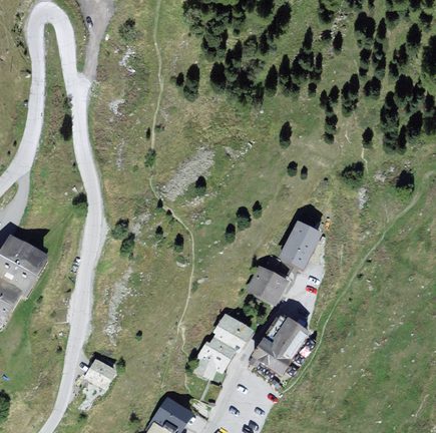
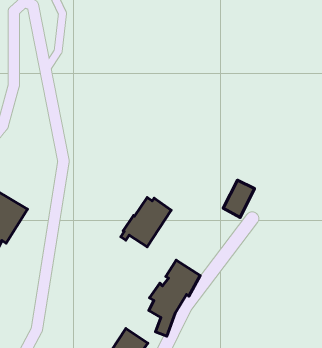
building: [248,266,286,302] -> none
building: [249,315,308,373] -> [121,197,171,247]
building: [85,357,117,387] -> none

